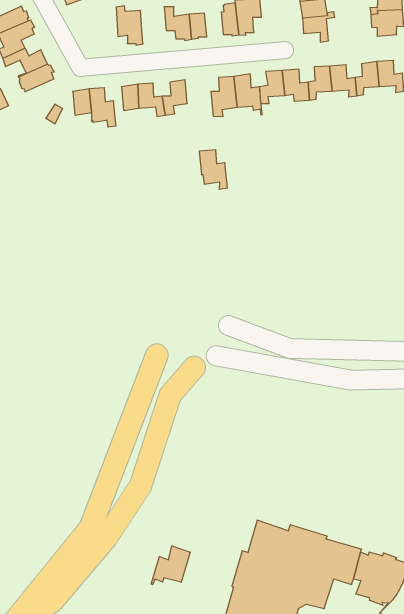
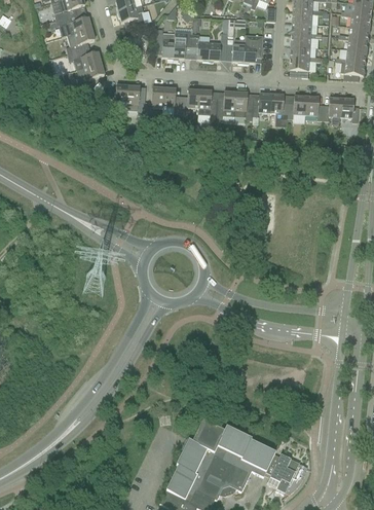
building: none -> [173,32,192,58]
building: [199,150,227,189] -> [198,88,217,118]
building: [151,546,190,585] -> none

